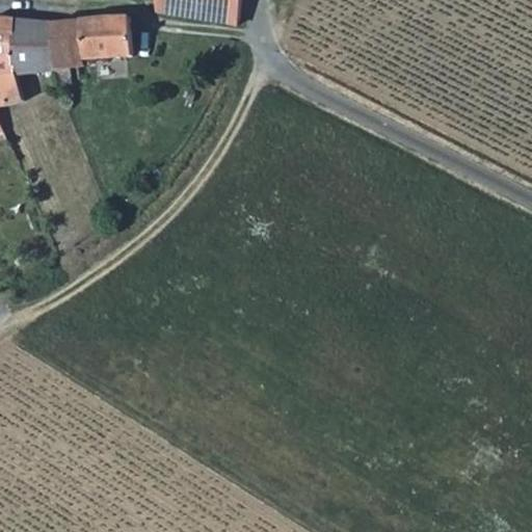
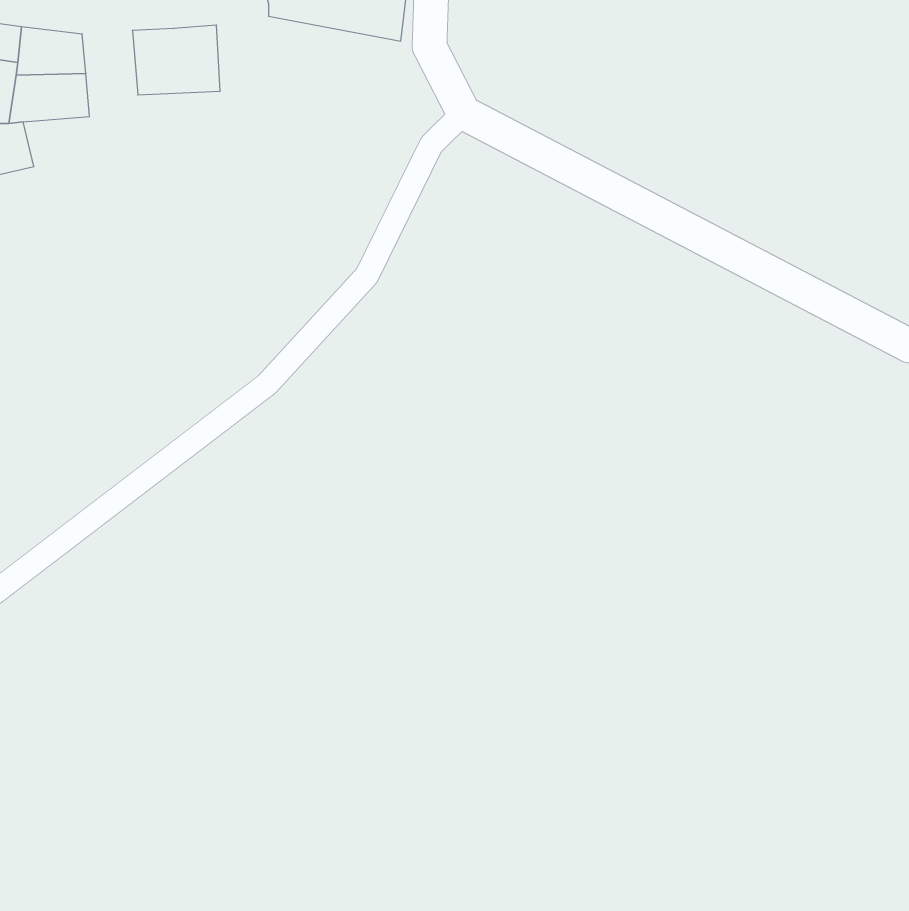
building: [48,18,81,83] -> none

